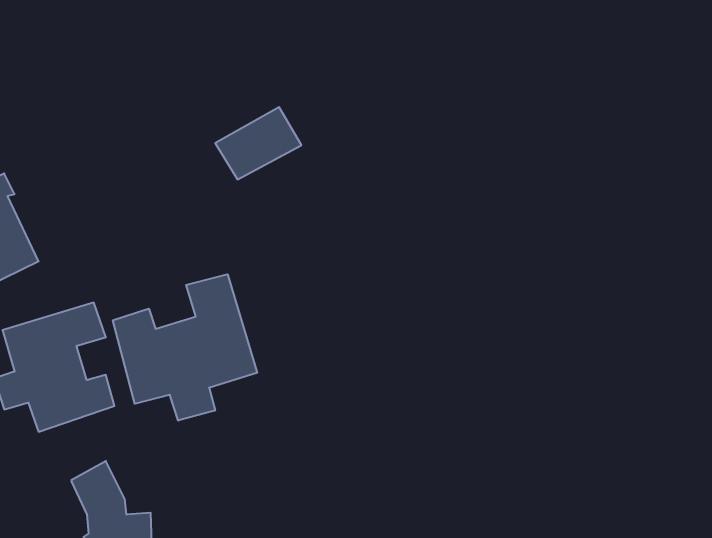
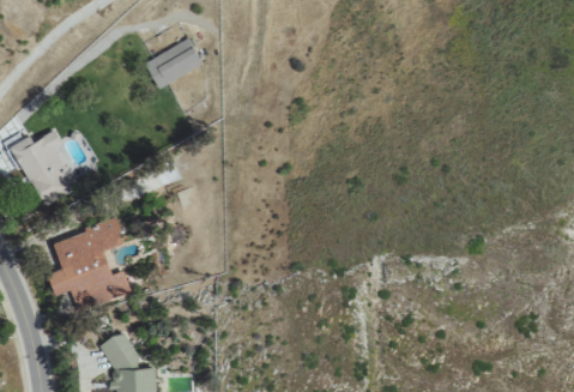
building: [215,107,301,179] -> [144,37,204,88]
building: [113,274,257,421] -> none

